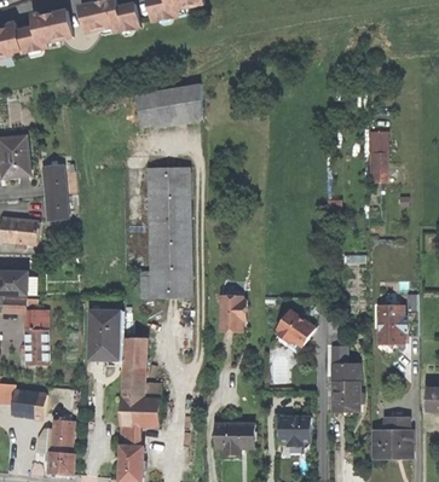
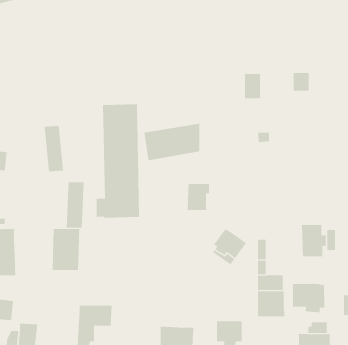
building: [135,83,201,127] -> [144,123,200,161]
building: [368,152,387,181] -> [244,74,261,99]
building: [45,164,68,217] -> [44,126,64,172]
building: [219,300,246,331] -> [187,183,210,211]
building: [122,345,144,399] -> [66,182,85,228]
building: none -> [292,283,325,313]

